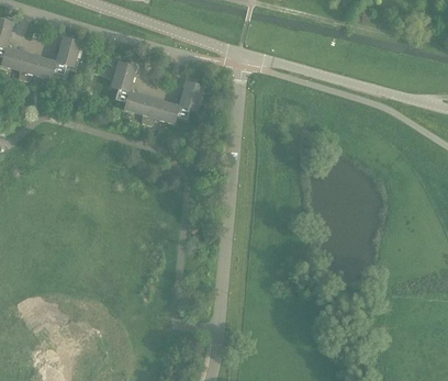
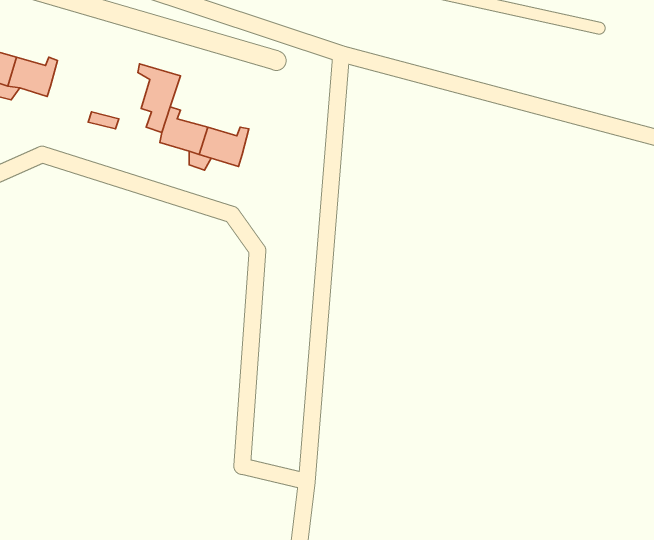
building: [48,35,85,75] -> none
building: [171,79,206,119] -> none

